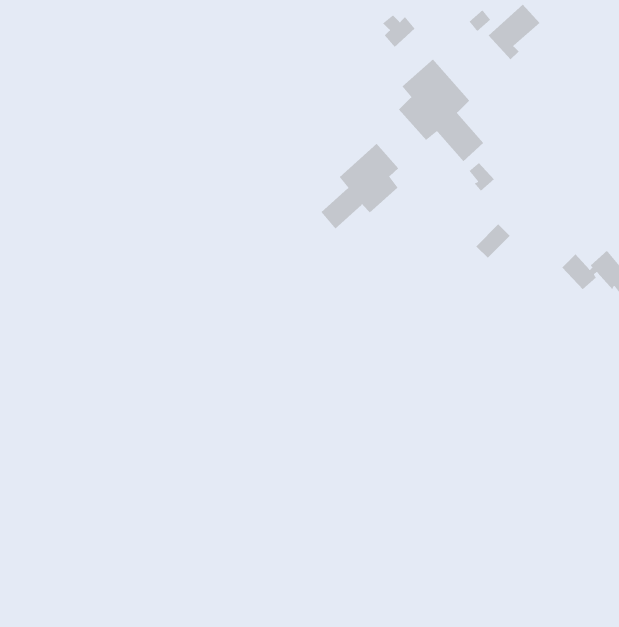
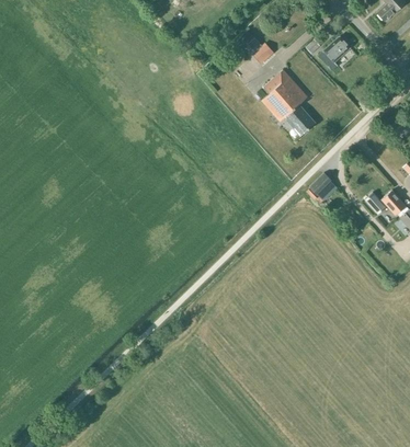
building: [320,143,399,229] -> none

